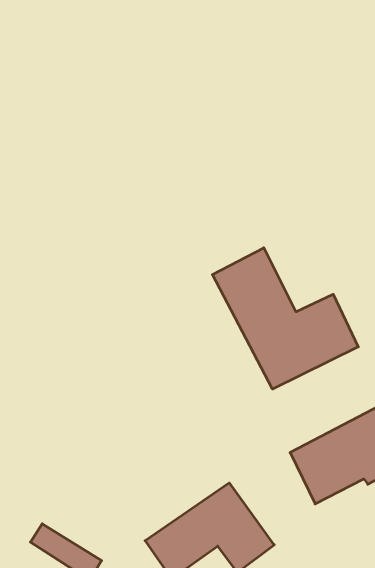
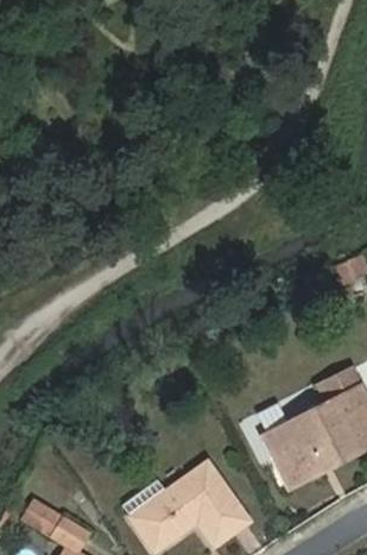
building: [212,248,358,389] -> none

